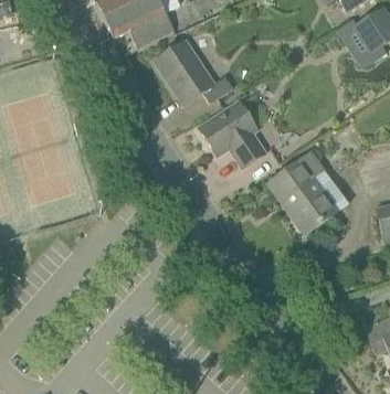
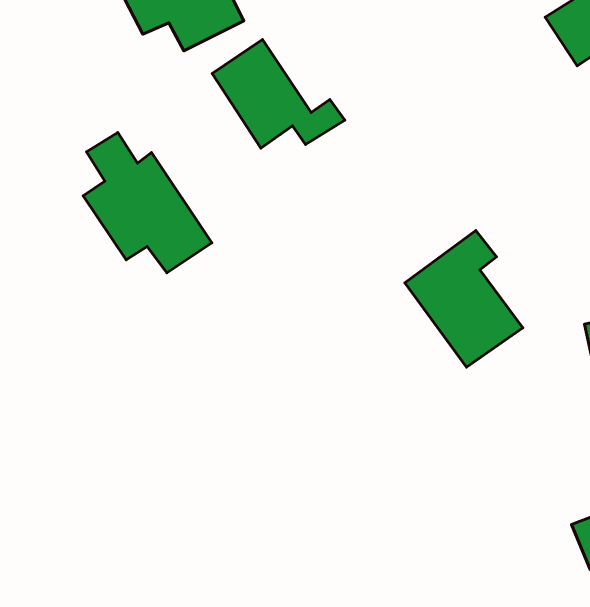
building: none -> [83,133,212,273]
building: [199,100,265,167] -> none

